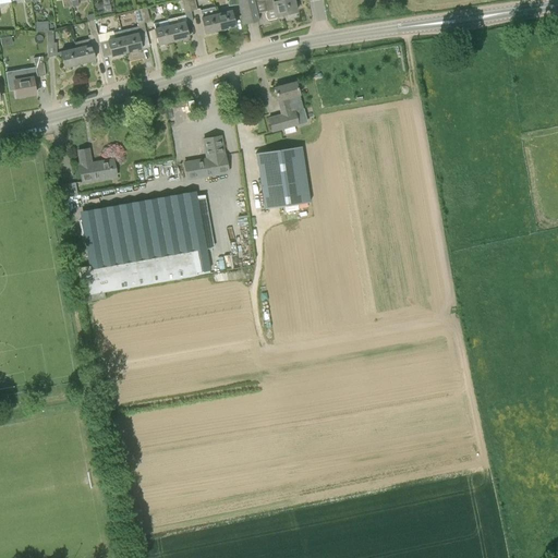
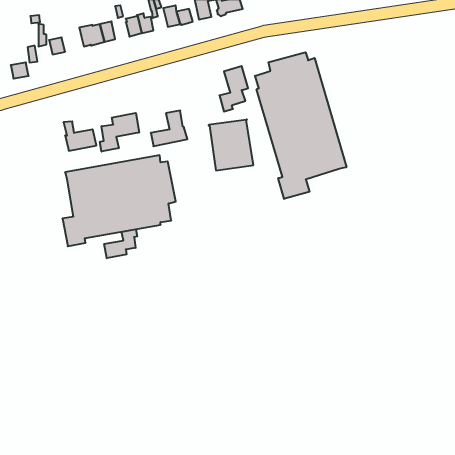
building: [75,20,100,63] -> none
building: none -> [255,52,346,199]
building: none -> [100,113,139,152]
building: none -> [104,229,137,258]

